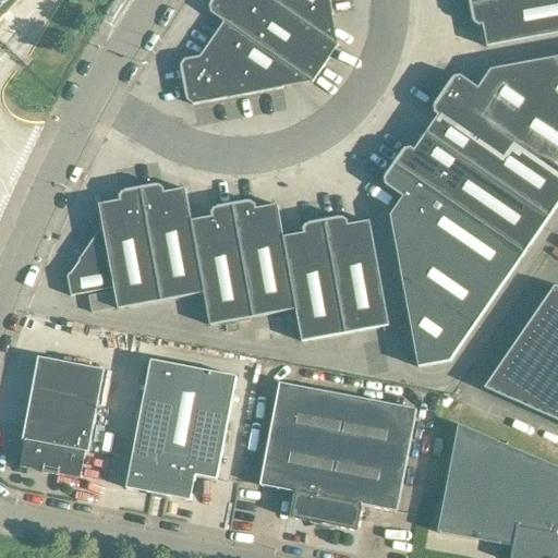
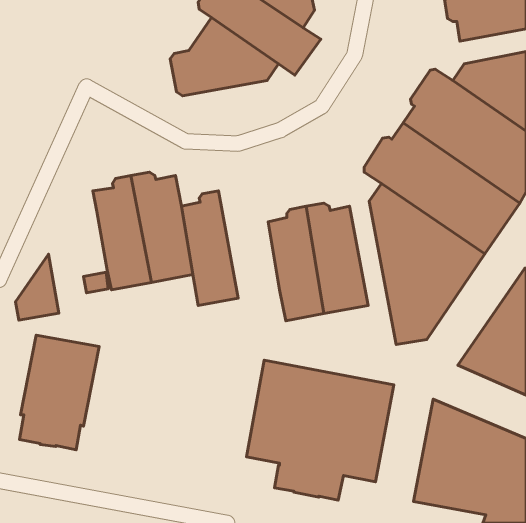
building: [231,198,295,315] -> none
building: [68,223,113,293] -> [16,254,59,320]
building: [126,357,236,498] -> none

